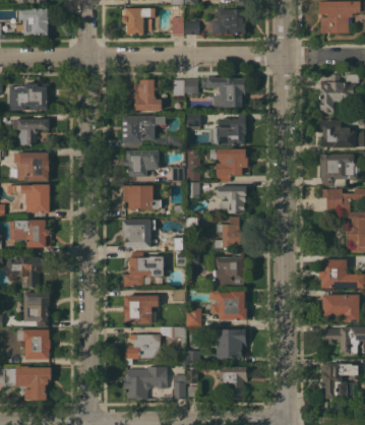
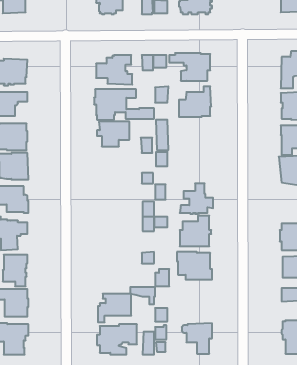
building: [210,148,248,182] -> none
building: [123,185,160,209] -> none
building: [217,186,246,214] -> none
building: [123,219,156,247] -> none
building: [124,252,166,287] -> none
building: [124,295,159,324] -> none
building: [218,329,246,364] -> none

